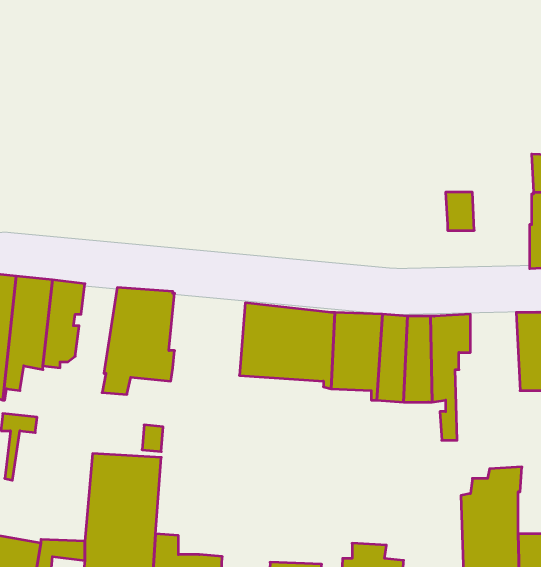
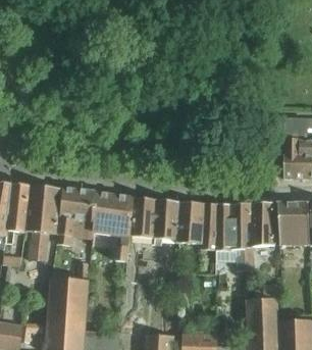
building: none -> [29,186,64,261]
building: none -> [92,191,133,261]
building: none -> [245,201,274,269]

